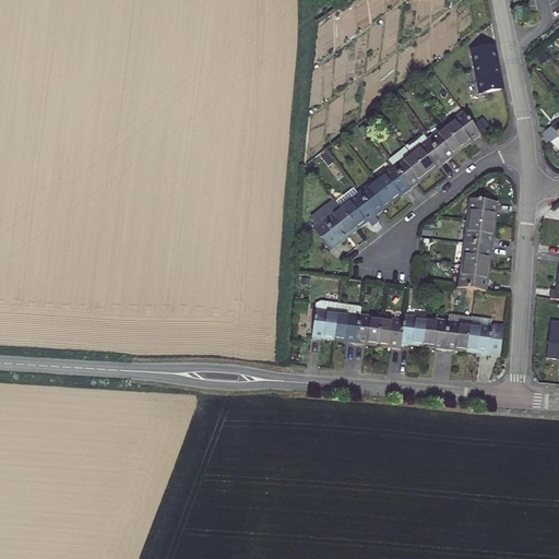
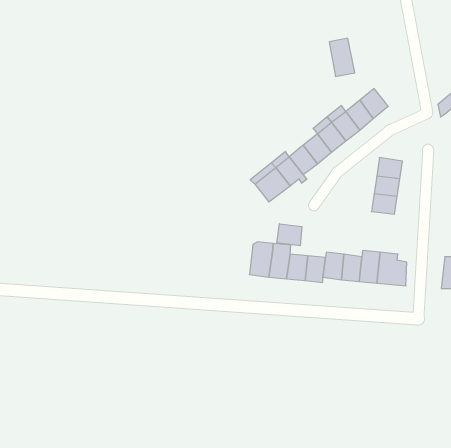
building: [471,44,502,91] -> [329,38,355,76]
building: [456,261,488,287] -> none
building: none -> [277,224,302,246]

